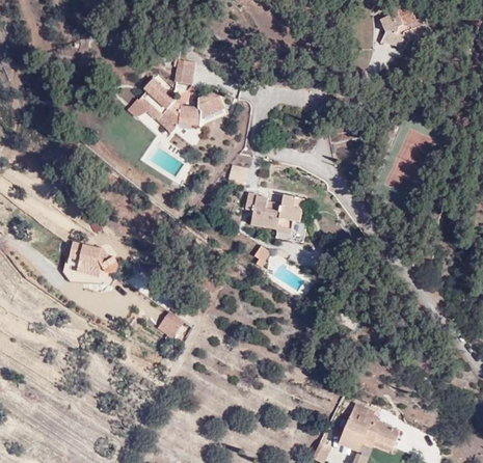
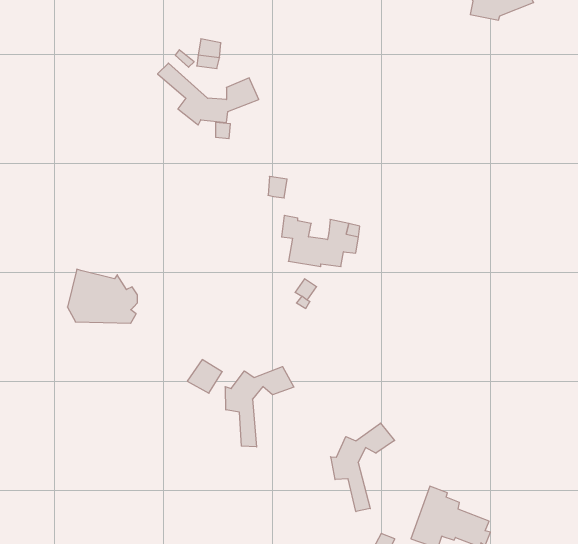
building: [126,98,173,131] -> none
building: none -> [225,367,294,447]
building: none -> [331,423,395,512]

